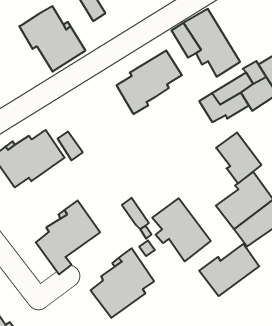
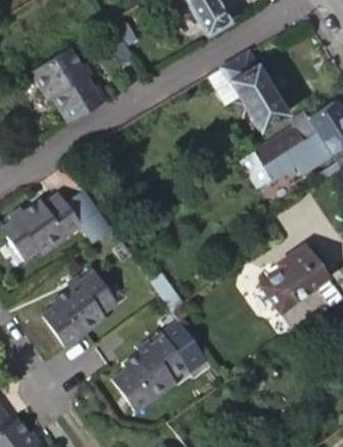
building: [117,50,182,114] -> none
building: [216,132,261,183] -> none
building: [152,198,211,261] -> none
building: [199,244,259,296] -> none

